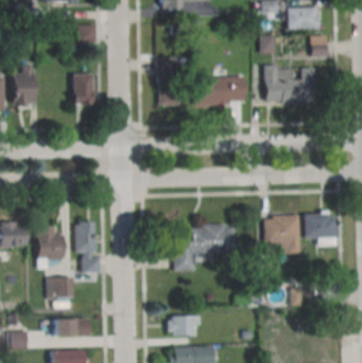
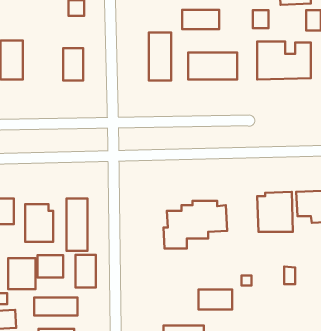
building: none -> [182,10,219,29]
building: none -> [75,255,96,287]
building: none -> [8,258,36,289]
building: [167,315,200,334] -> [199,290,232,310]

